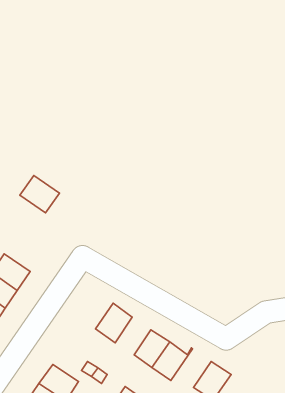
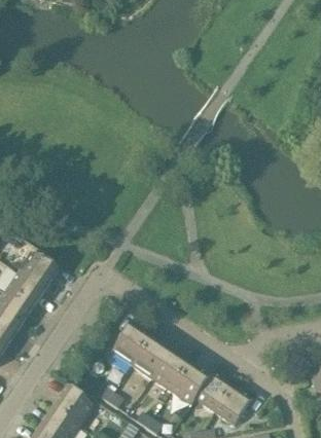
building: [20,175,59,213] -> [16,252,58,291]
building: none -> [132,338,169,377]
building: none -> [189,371,231,411]

